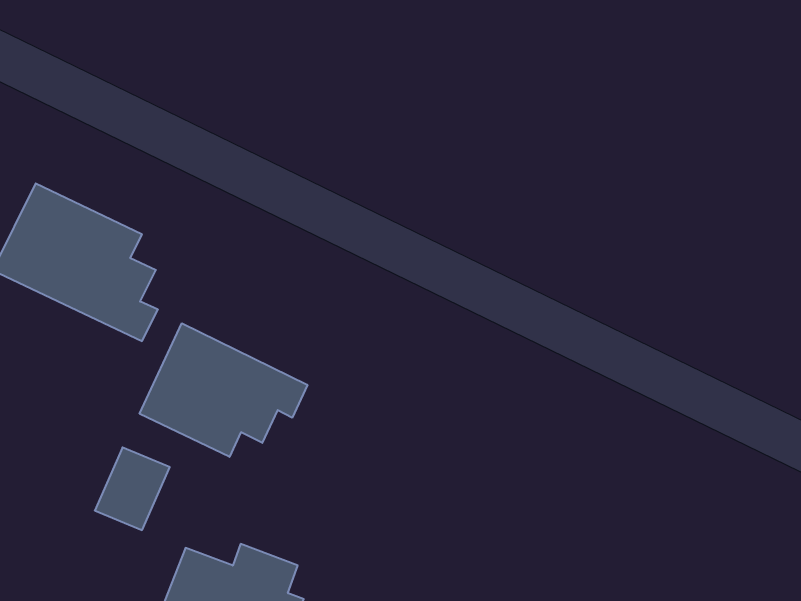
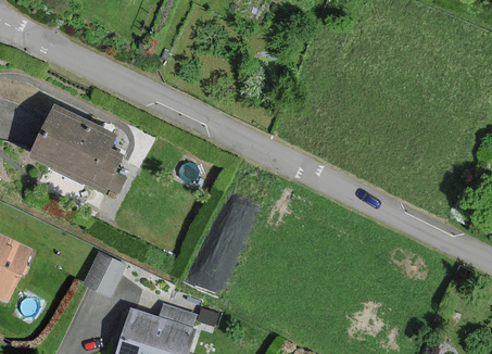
building: [140,323,307,457] -> none

